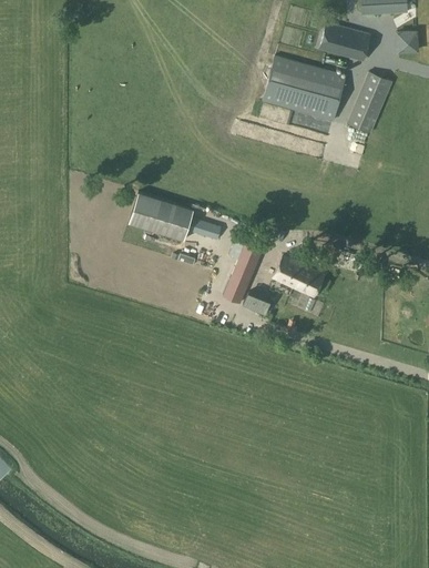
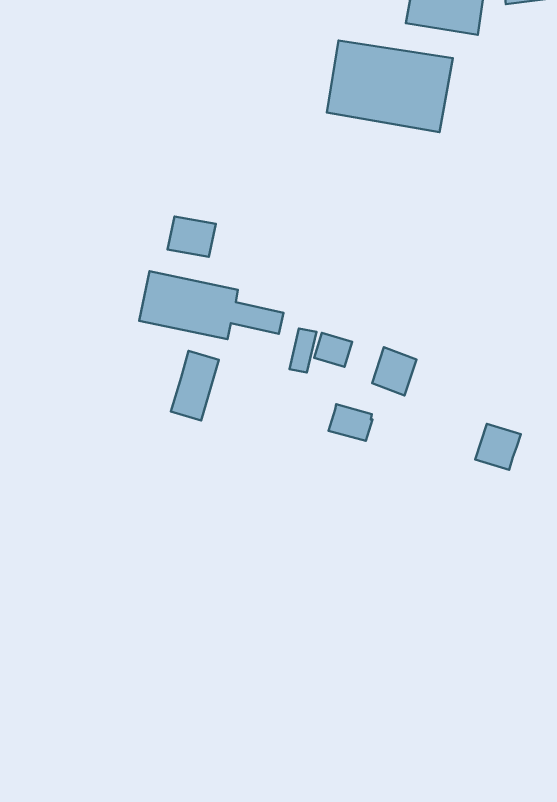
building: [347,72,394,134] -> none
building: none -> [167,216,216,257]
building: [223,258,257,304] -> [171,351,219,420]
building: [294,266,325,297] -> [475,424,521,470]

